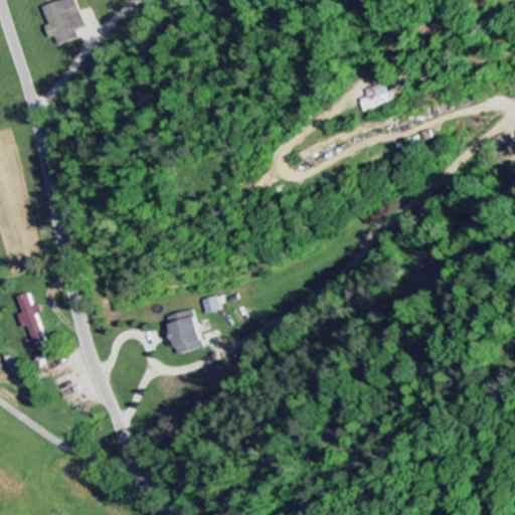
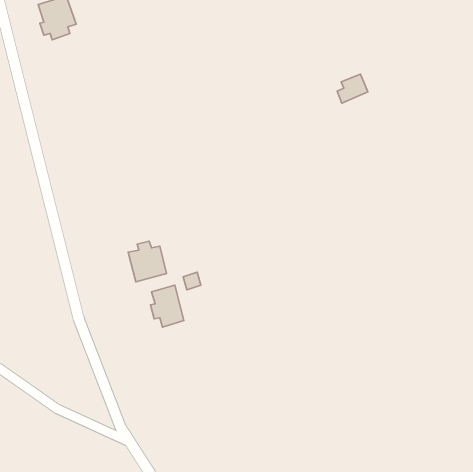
building: none -> [128,241,166,282]
building: [17,293,44,344] -> none

